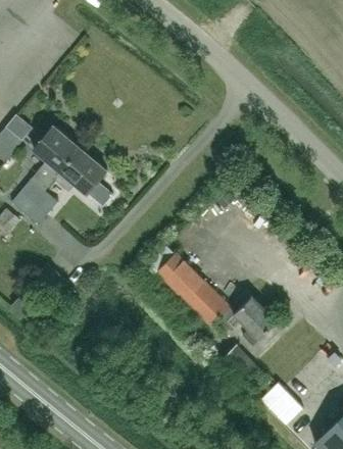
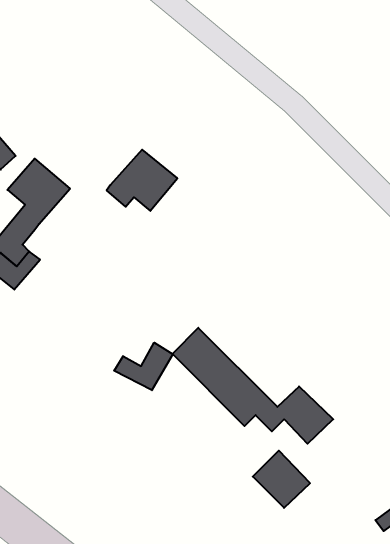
building: [53,149,106,195] -> [107,150,177,211]
building: none -> [114,343,173,390]

